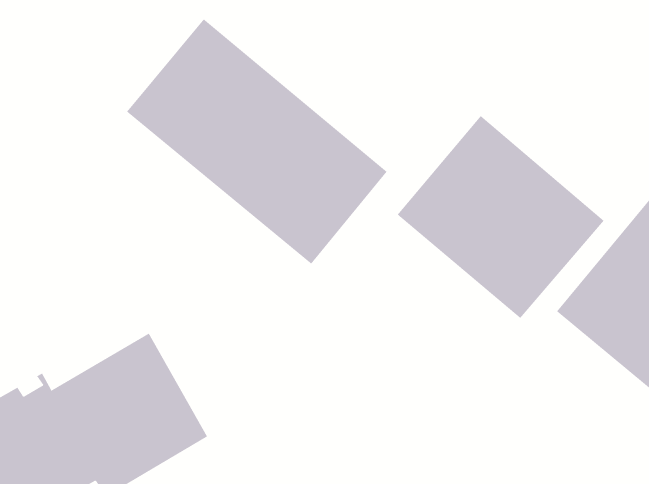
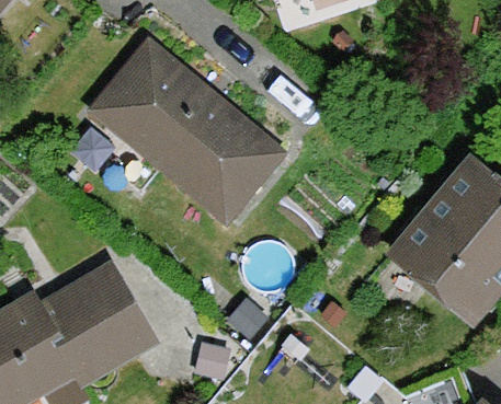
building: [397,115,604,319] -> none

